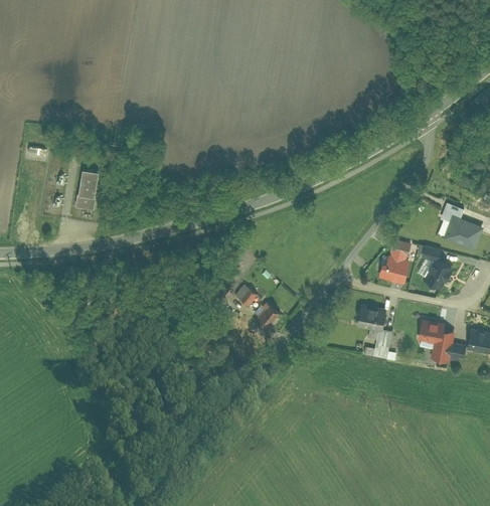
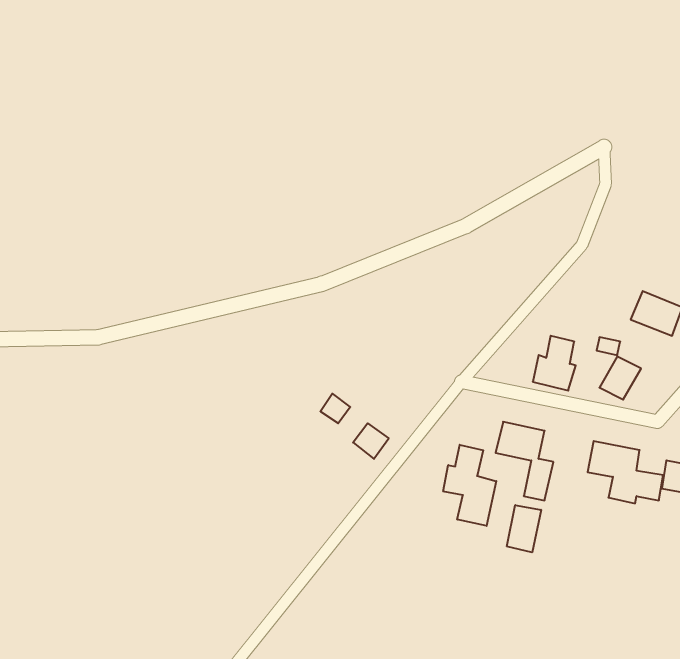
building: [76,169,100,209] -> none
building: none -> [443,445,496,526]
building: none -> [507,505,541,552]

